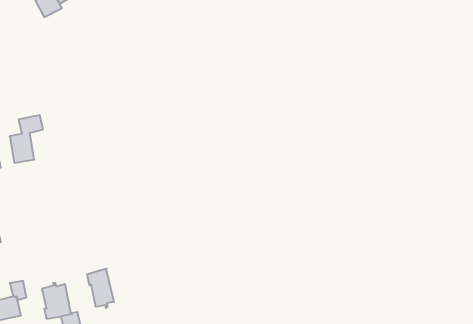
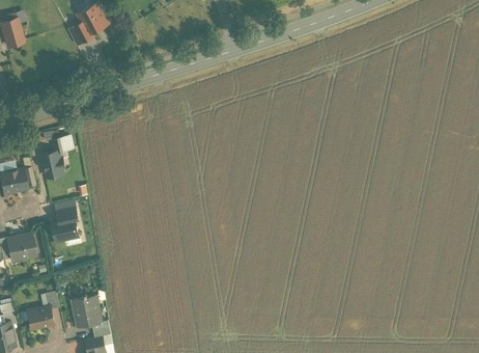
building: none -> [51,205,78,241]
building: [87,268,114,308] -> none

